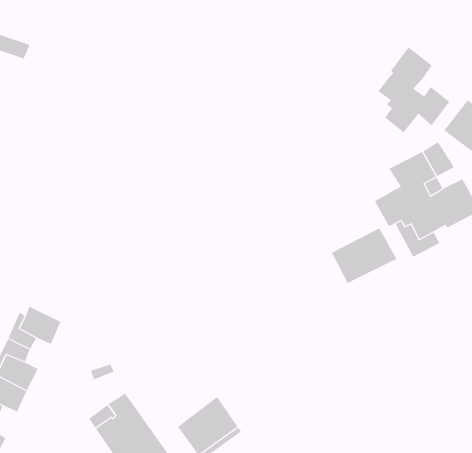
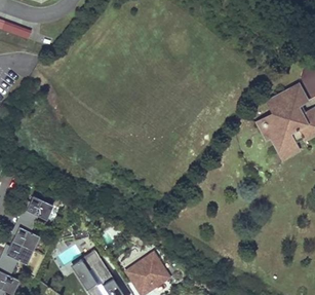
building: [378,46,450,133] -> none
building: [331,227,397,284] -> none

